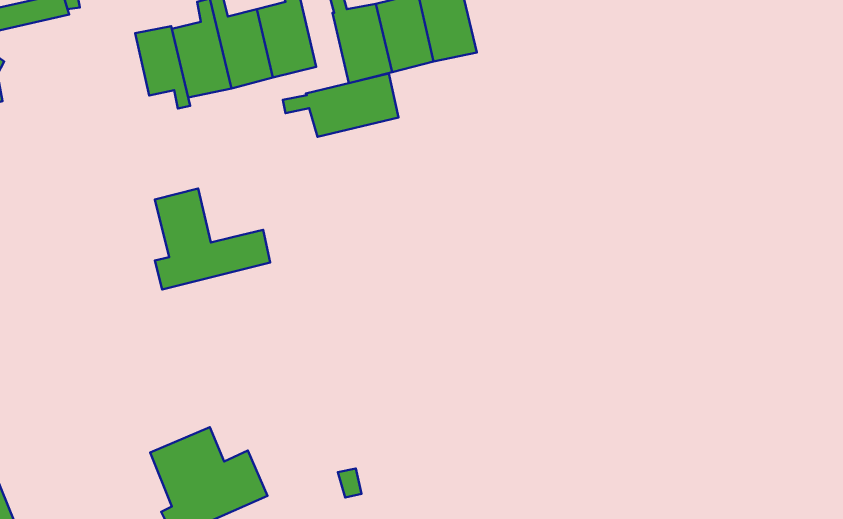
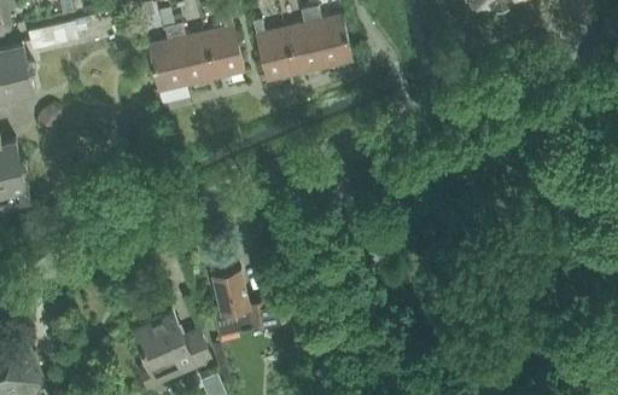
building: [135,26,190,108] -> none
building: [283,73,398,137] -> none
building: [155,189,270,289] -> [211,267,288,335]

